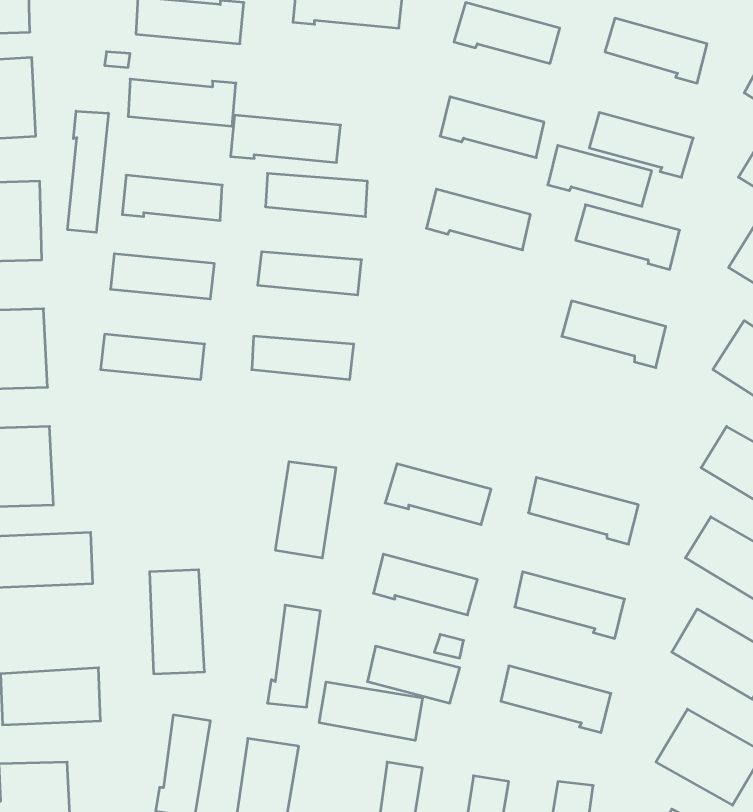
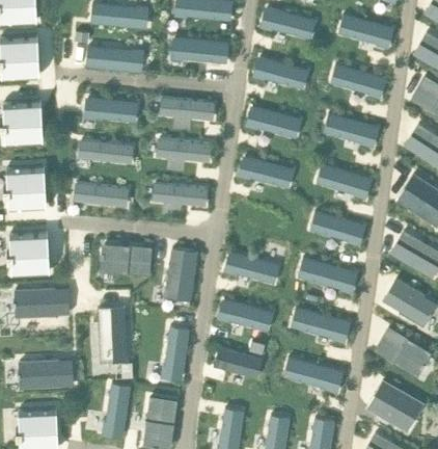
building: [68,111,108,232] -> none
building: [231,115,341,162] -> [170,38,228,63]
building: [548,145,652,206] -> [238,157,293,189]
building: none -> [310,212,365,247]
building: none -> [100,244,152,275]
building: [319,682,422,740] -> none

